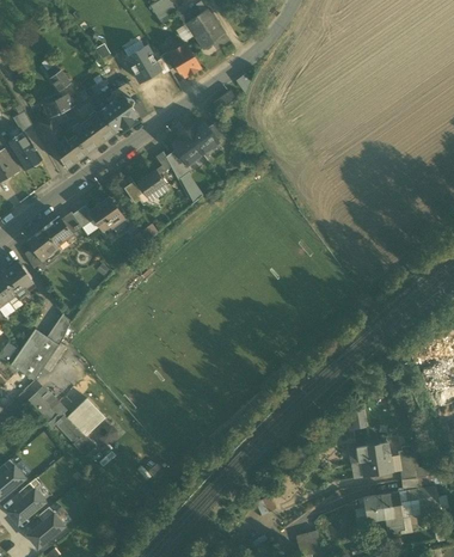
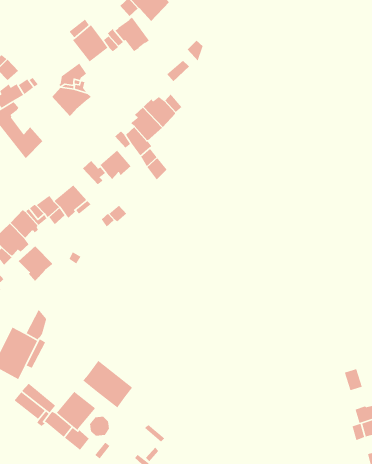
building: [72,111,114,153] -> none
building: none -> [18,246,53,282]
building: none -> [82,360,133,409]

